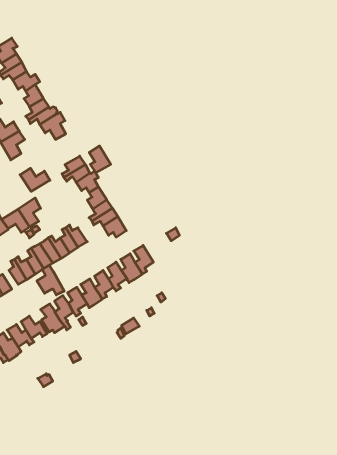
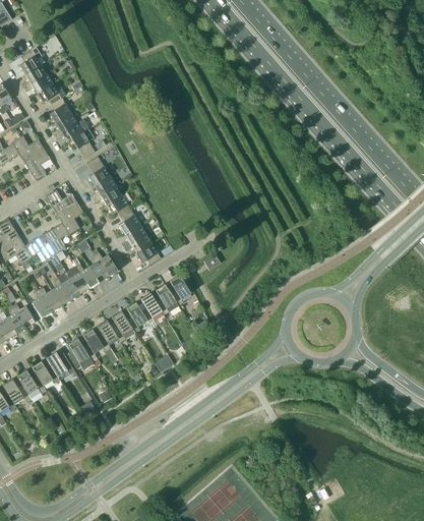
building: [89,146,111,173] -> [86,156,110,185]
building: none -> [57,202,83,234]
building: [37,265,64,295] -> none

